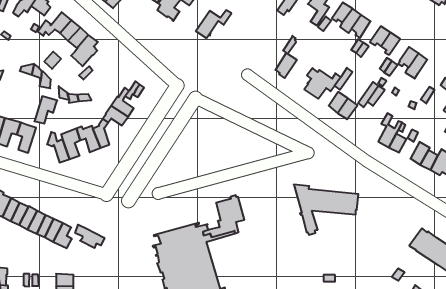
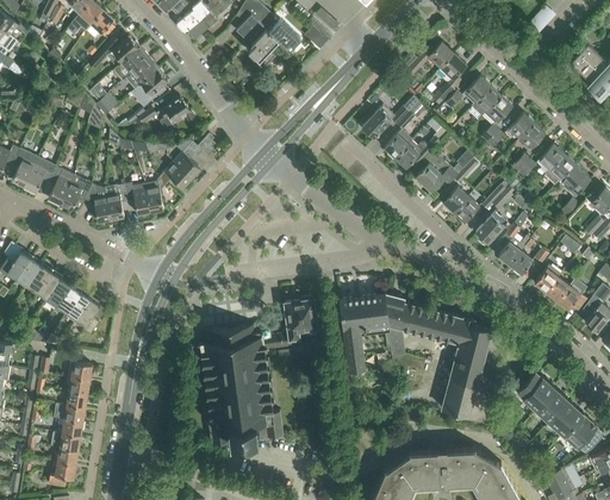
building: [196,10,231,38] -> [361,105,409,138]
building: none -> [161,96,194,129]
building: none -> [393,137,440,168]
building: none -> [560,163,590,196]
building: [34,96,57,124] -> [61,175,93,210]
building: none -> [475,212,508,244]
building: none -> [340,294,390,371]
building: none -> [442,317,491,418]
building: [75,225,104,248] -> none

